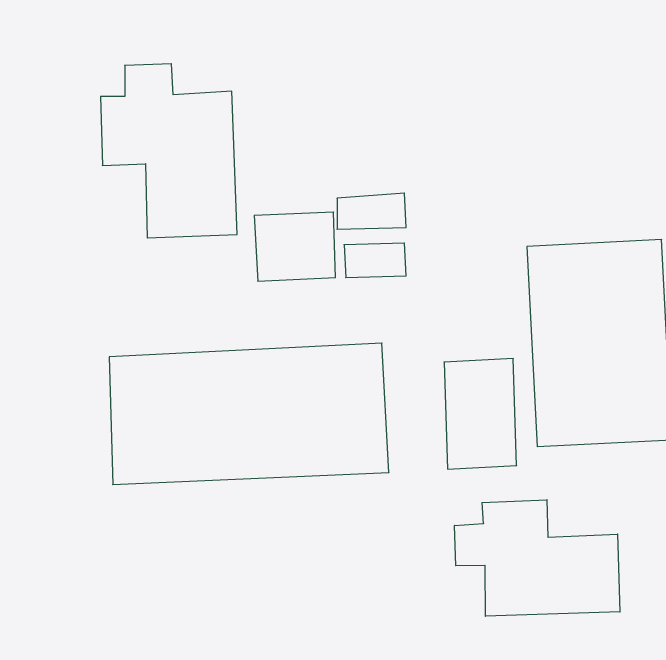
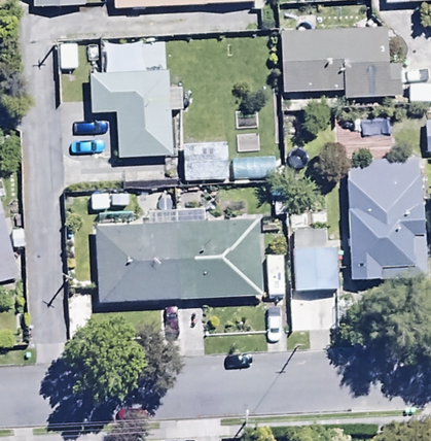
building: none -> [282,26,400,95]
building: [455,500,620,616] -> none

